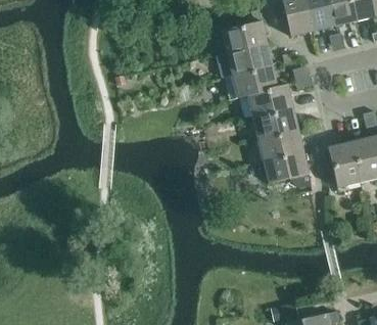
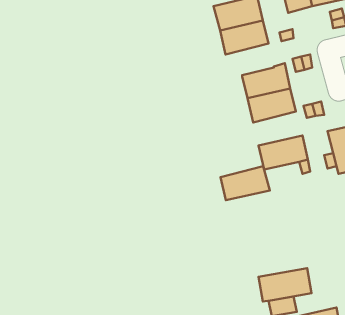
building: [224,65,277,100] -> none
building: [257,129,303,160] -> [220,166,270,200]
building: none -> [259,268,311,302]

